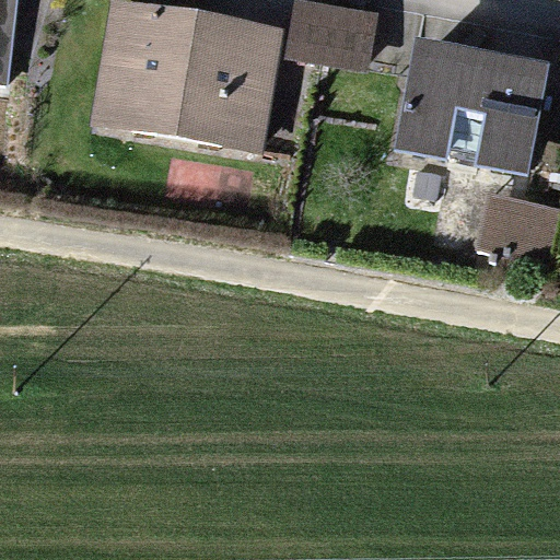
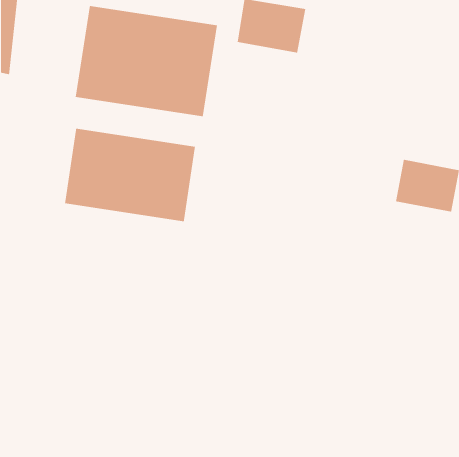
building: [399,52,532,165] -> none
building: none -> [64,128,195,222]

